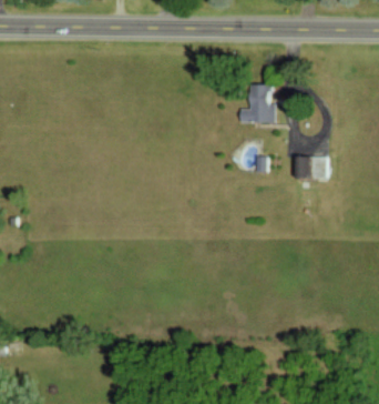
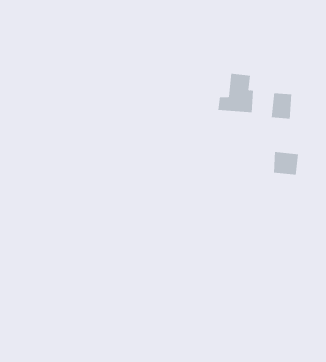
building: none -> [271,92,292,119]

